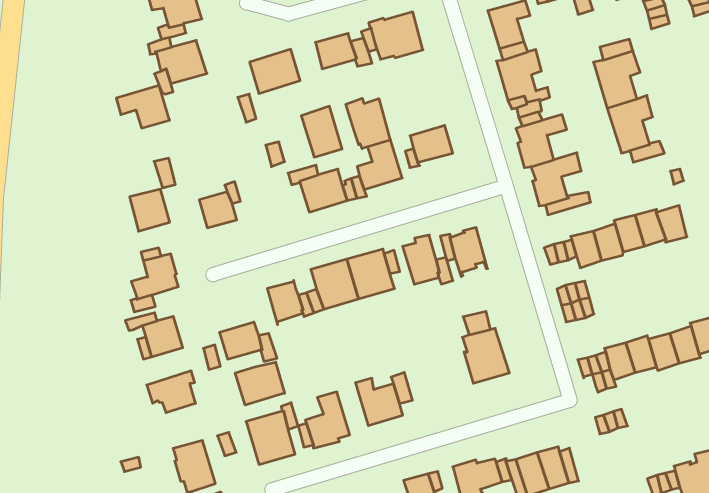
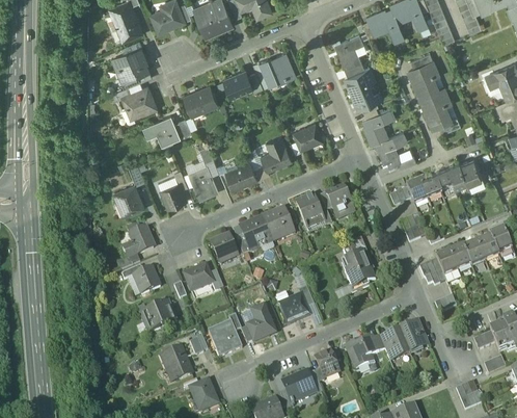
building: [116,85,170,128] -> [144,113,181,142]
building: [346,98,390,149] -> none
building: [301,106,342,157] -> [189,163,218,198]
building: [235,362,285,405] -> none

